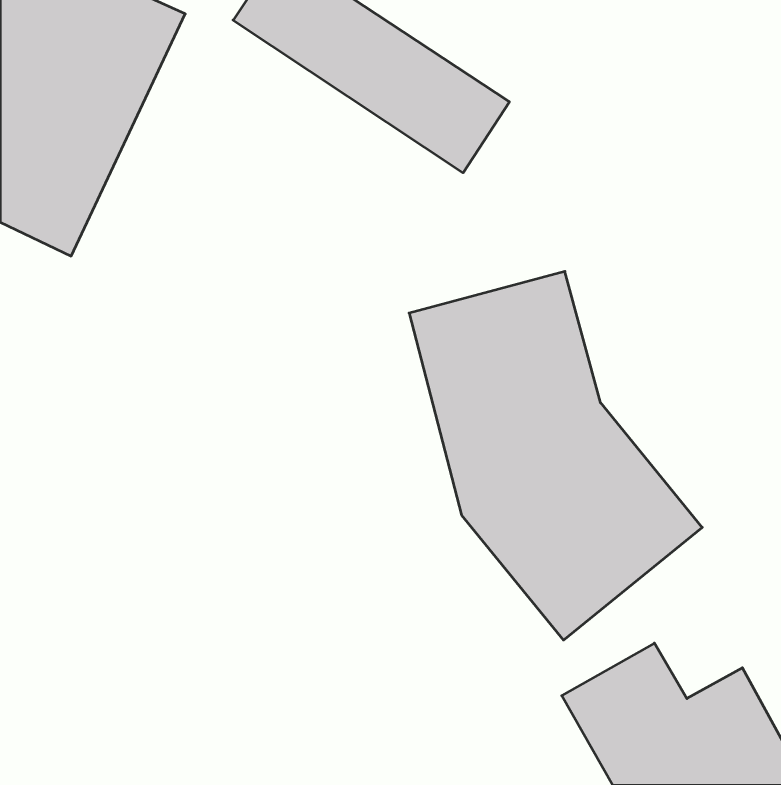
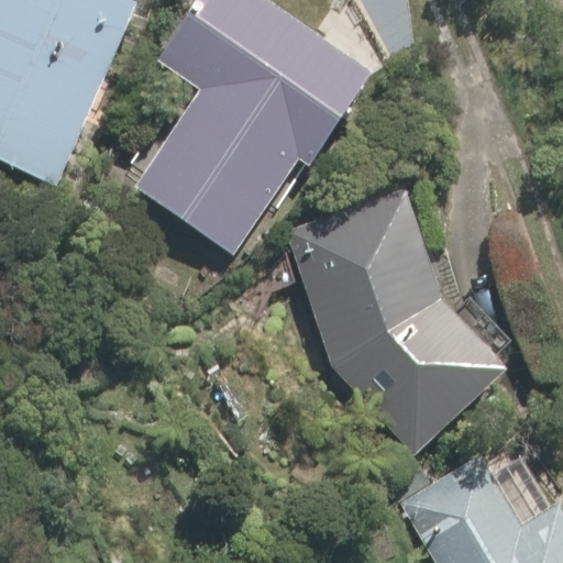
building: none -> [133,14,335,254]

